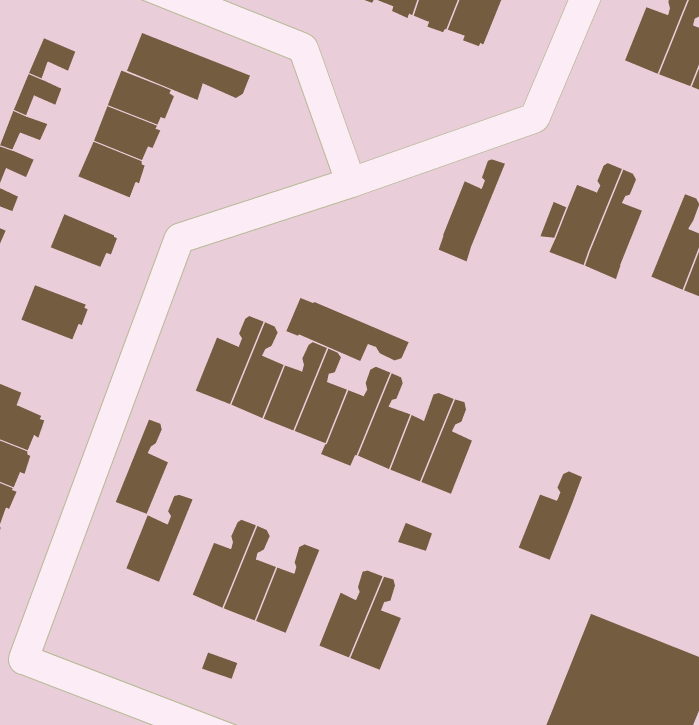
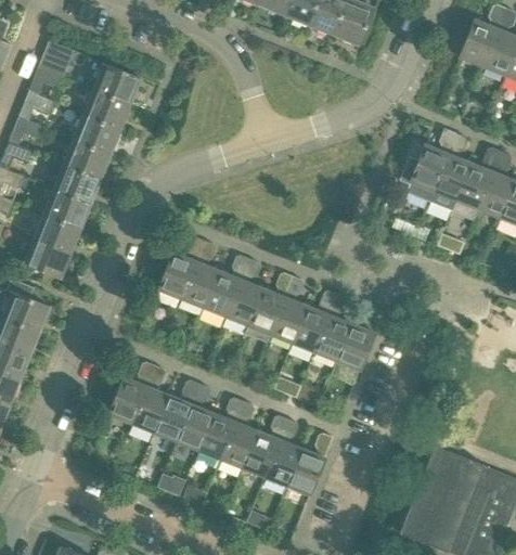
building: [126,32,251,101] -> none
building: [438,159,506,262] -> [452,147,500,220]
building: none -> [64,139,112,180]
building: none -> [43,189,92,229]
building: [285,297,409,362] -> none
building: none -> [24,240,72,280]
building: [115,419,169,514] -> [131,365,169,433]
building: [518,471,583,560] -> [336,308,382,371]
building: none -> [220,401,258,468]
building: none -> [286,433,332,494]

